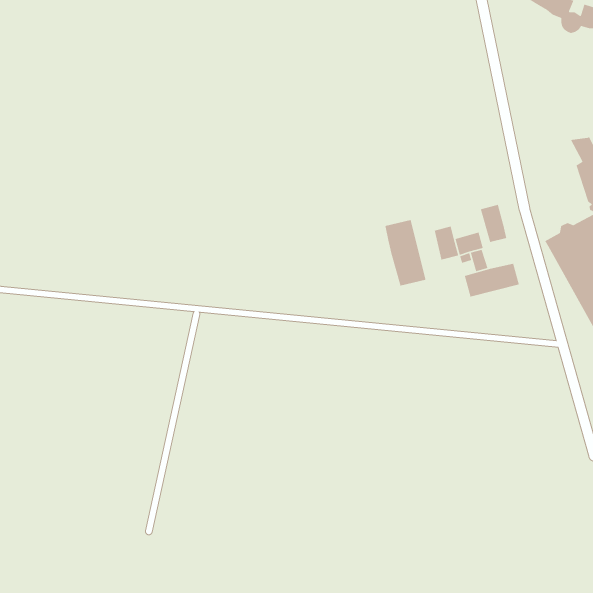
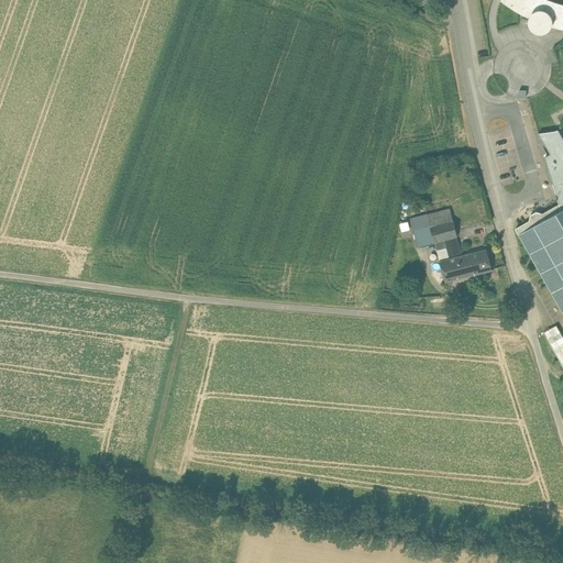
building: [480,204,507,243] -> none
building: [384,219,426,287] -> none

